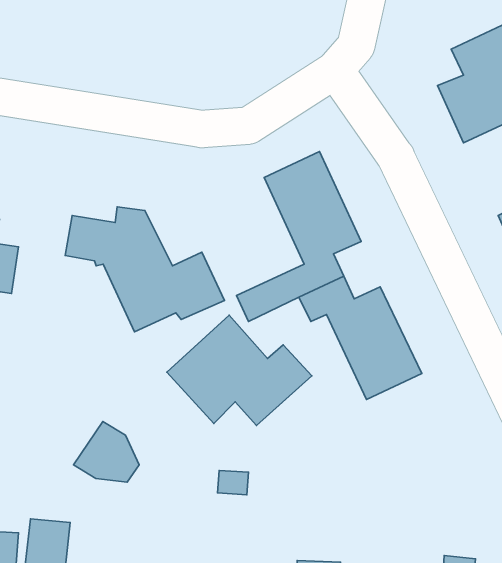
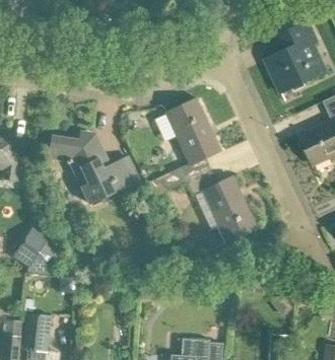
building: [167,315,312,425] -> none
building: [73,421,139,482] -> [16,230,55,266]

